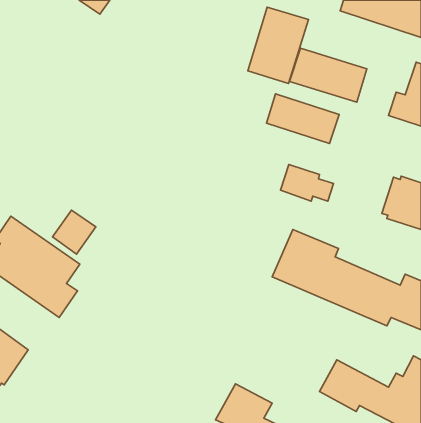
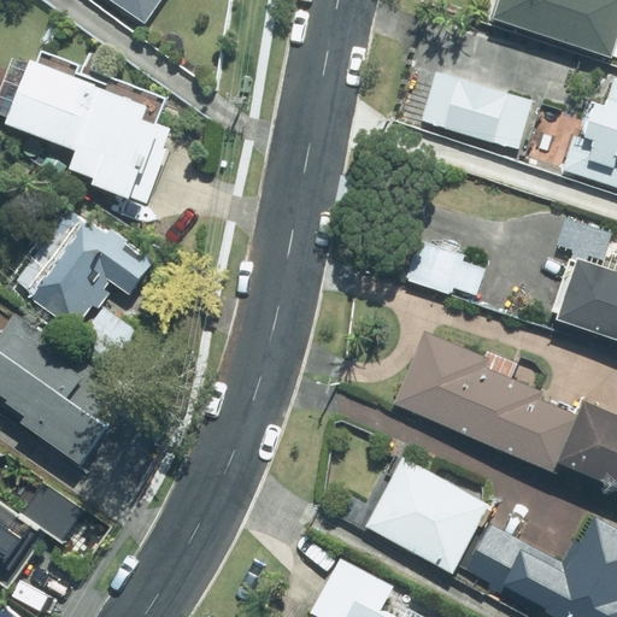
building: [248,7,308,84] -> none
building: none -> [11,58,174,202]
building: [267,94,339,143] -> none
building: none -> [17,210,159,330]
building: none -> [366,457,493,574]

